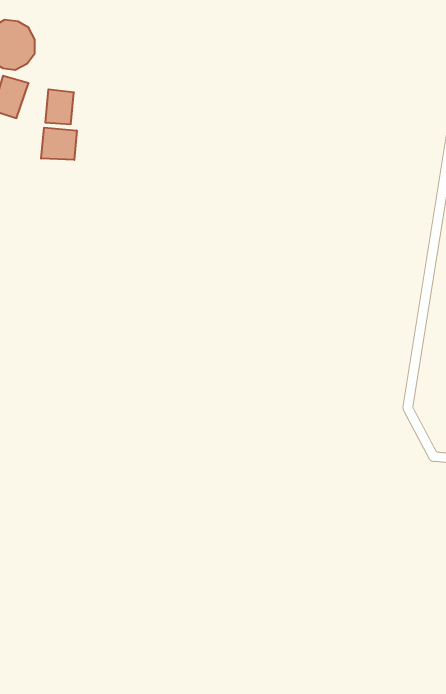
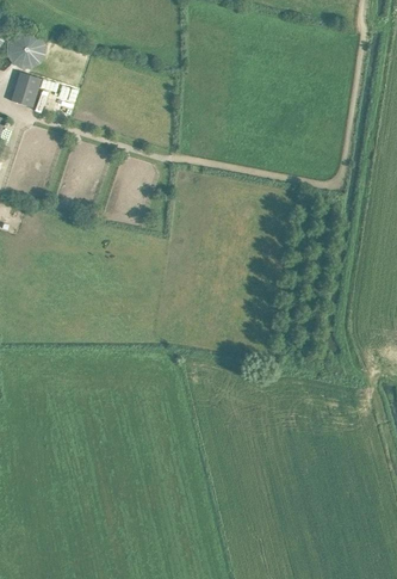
building: [41,128,77,160] -> none

